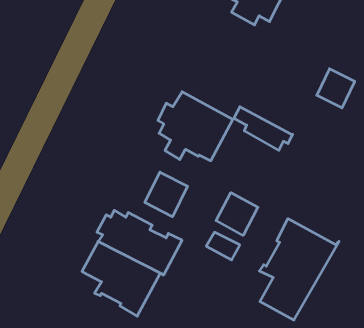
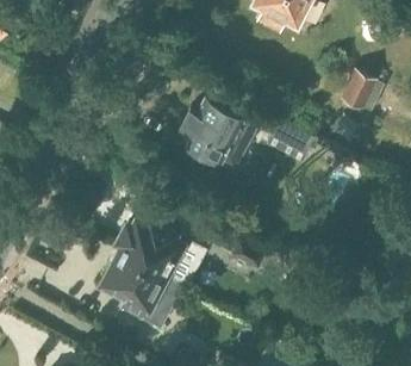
building: [145,172,187,217] -> none
building: [216,193,258,235] -> none
building: [259,219,339,320] -> none

